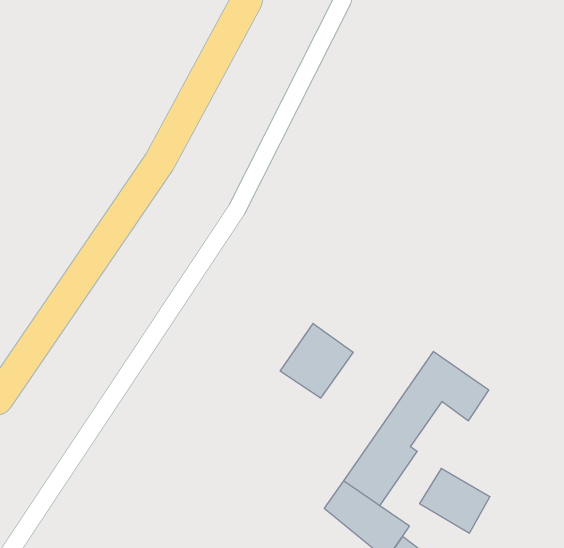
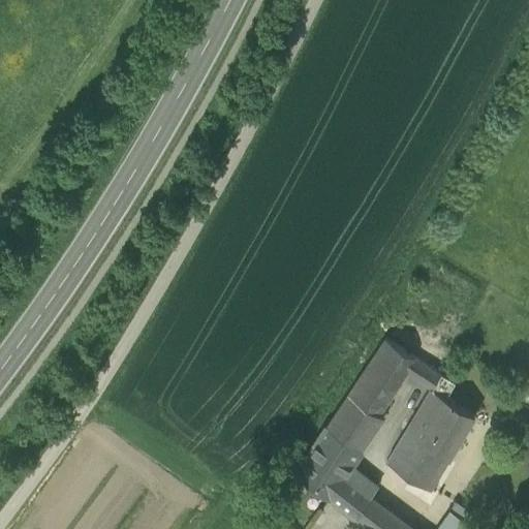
building: [280,323,353,398] -> none
building: none -> [404,394,474,463]

